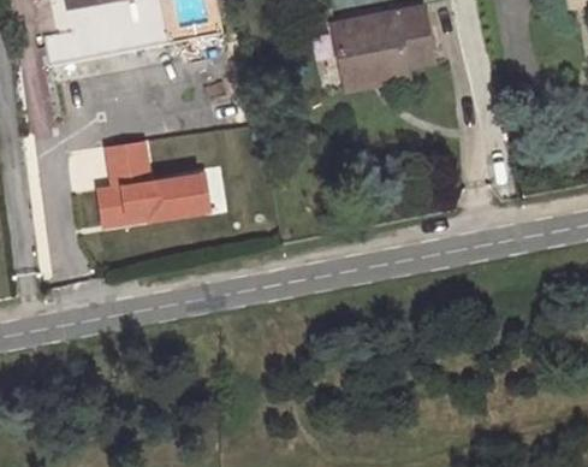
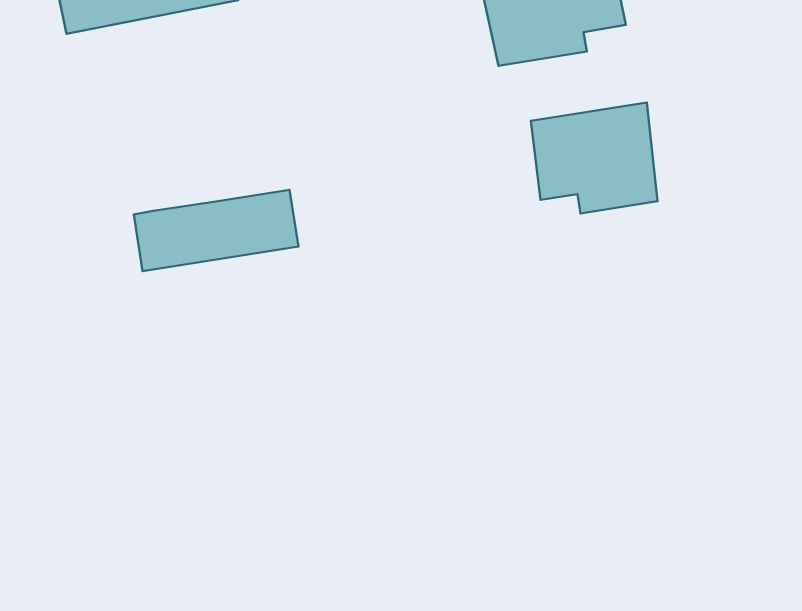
building: none -> [531,102,658,214]
building: [105,141,150,185] -> none

